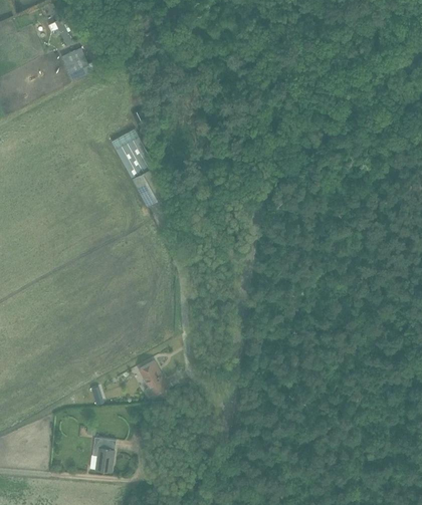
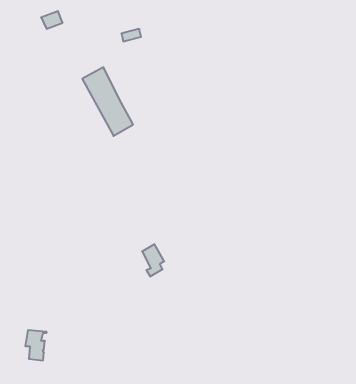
building: [139,361,164,398] -> [142,244,164,276]
building: [91,438,116,472] -> [25,330,47,360]

